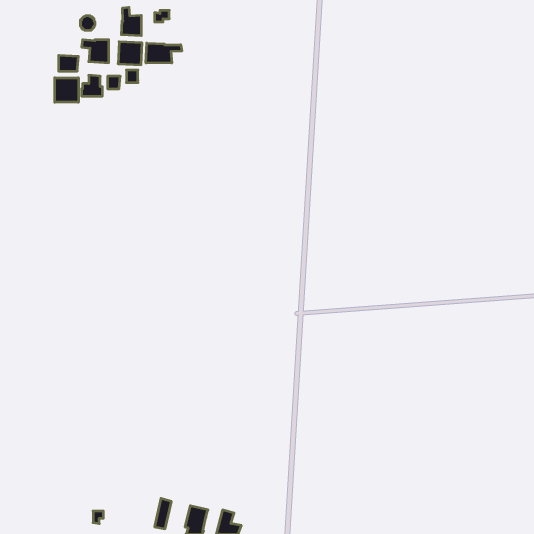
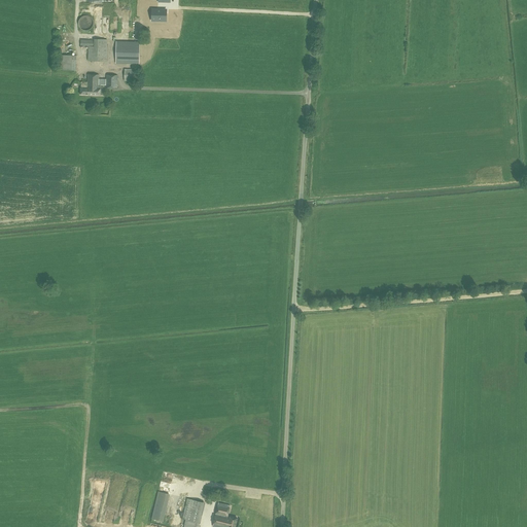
building: [121,7,141,36] -> none
building: [146,43,182,63] -> none
building: [55,78,78,102] -> none

